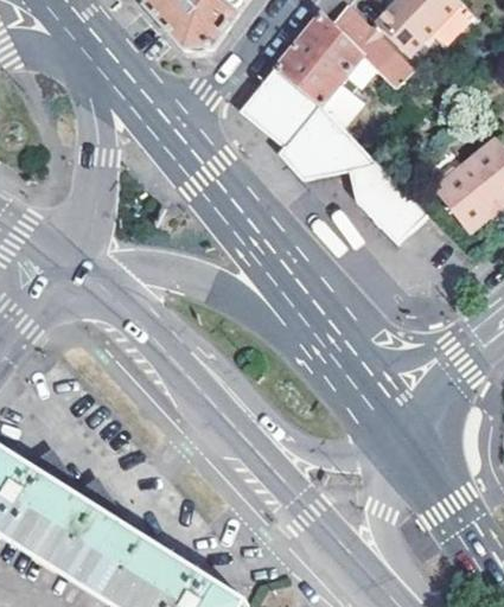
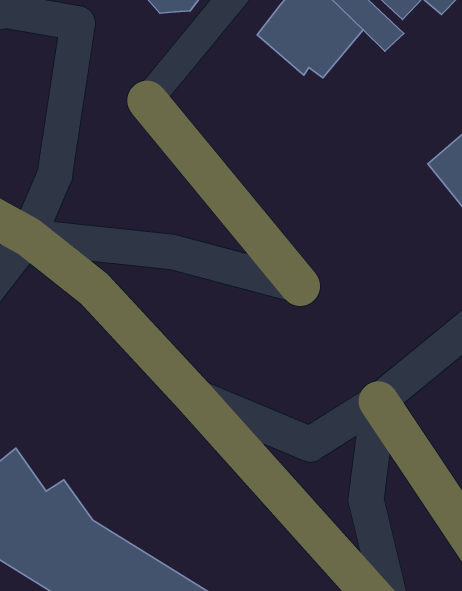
building: [240,66,429,244] -> none

